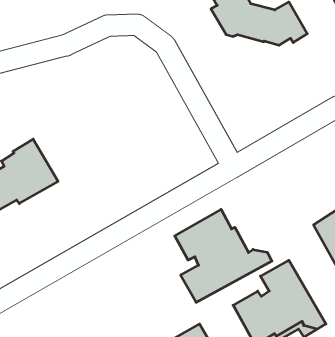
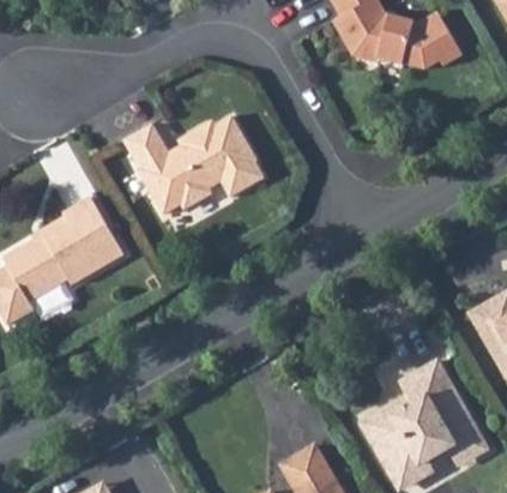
building: none -> [125,116,264,215]
building: [175,209,272,302] -> none

